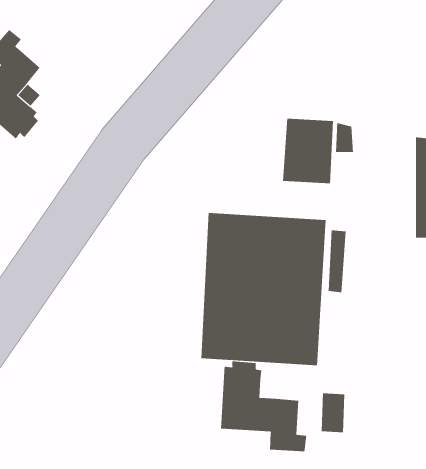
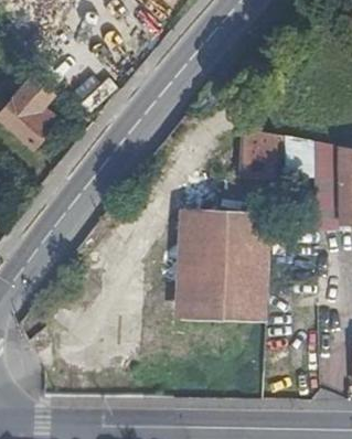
building: none -> [316,143,340,224]
building: [220,360,307,452] -> none

